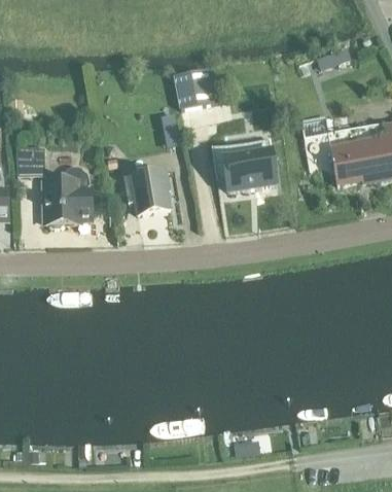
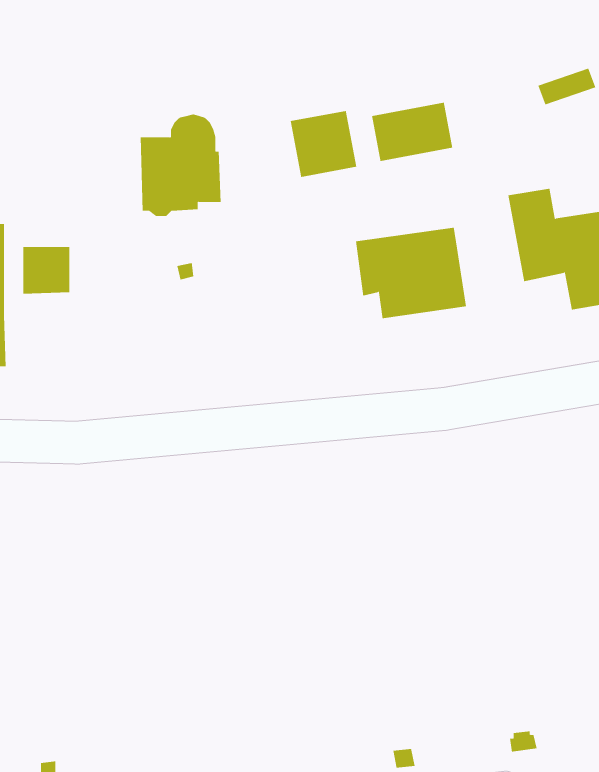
building: none -> [372,102,453,162]
building: [45,168,93,227] -> [140,114,221,217]
building: [124,175,171,215] -> none

